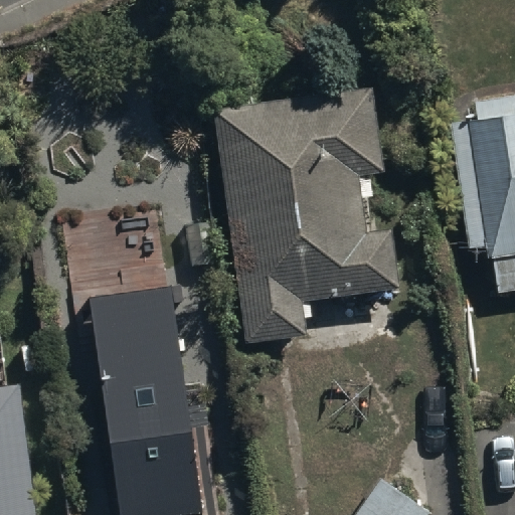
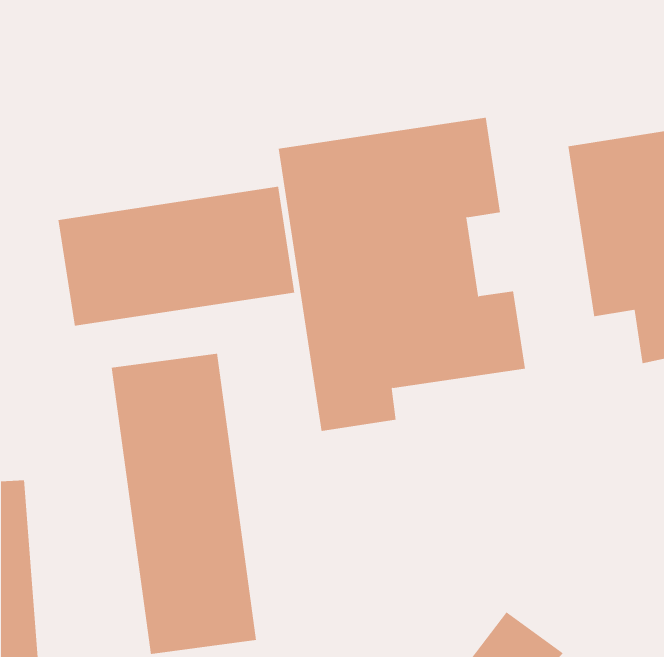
building: none -> [58,186,295,327]

